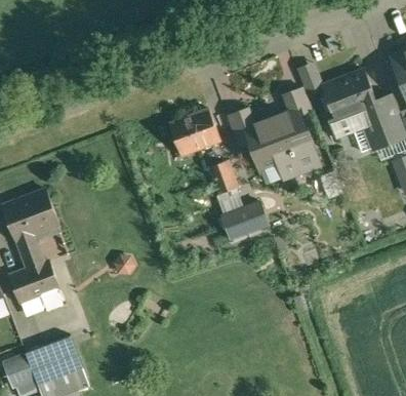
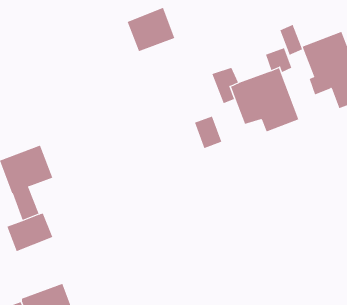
building: [169,109,220,156] -> [127,7,175,52]
building: [222,201,268,239] -> none

